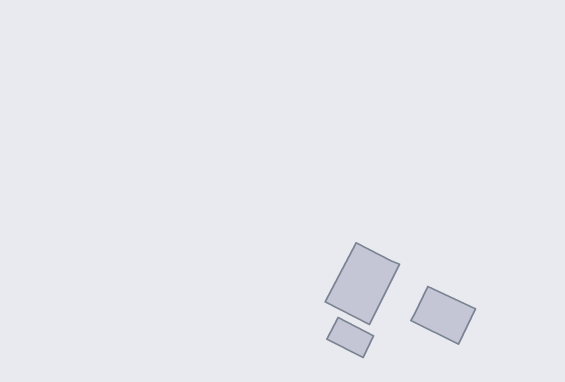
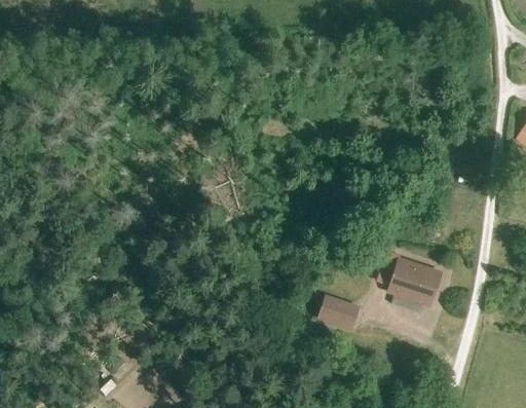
building: [325,243,400,324] -> none

